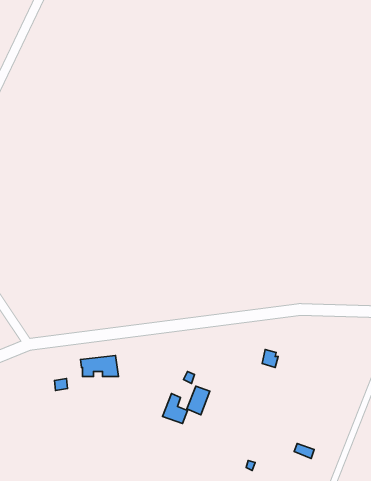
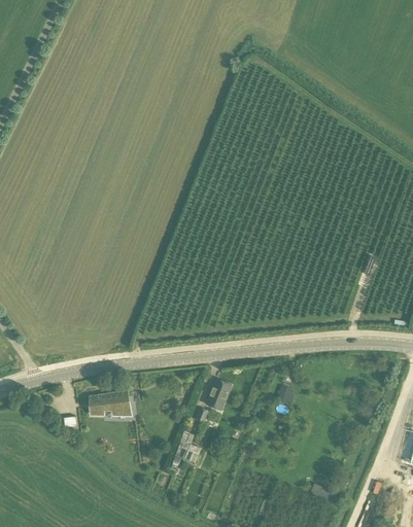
building: [187,386,210,415] -> [206,380,230,410]

